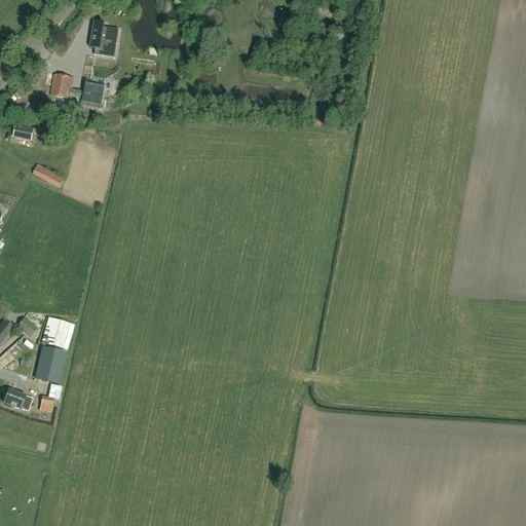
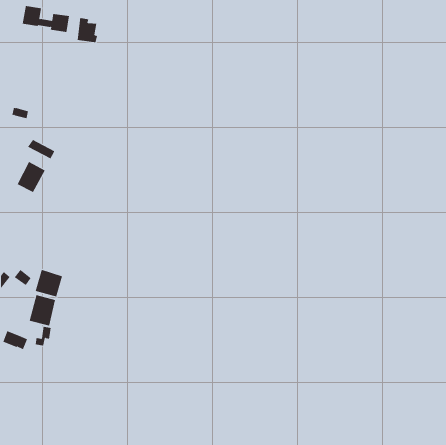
building: [50,73,107,105] -> [22,6,70,33]
building: none -> [17,161,46,193]

